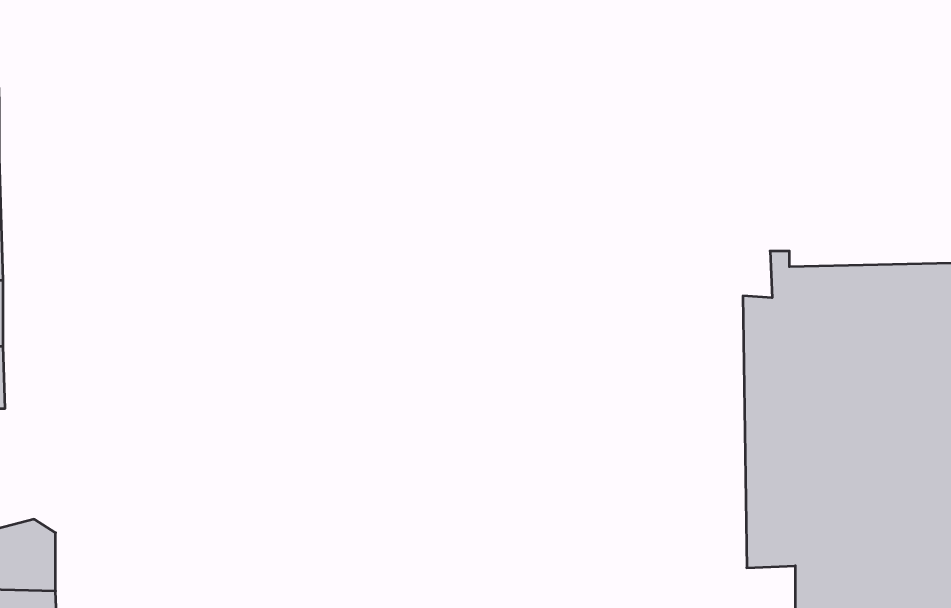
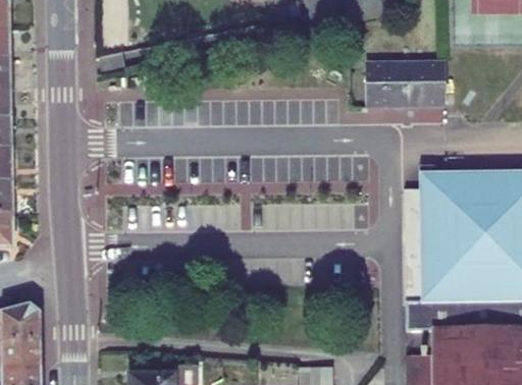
building: none -> [368,63,445,108]

